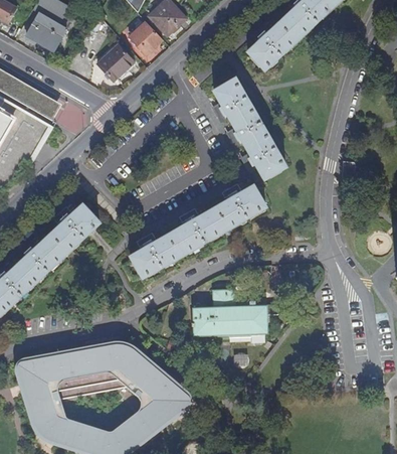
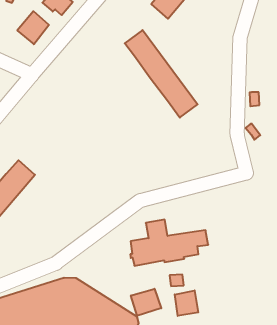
building: [130,187,264,278] -> none
building: none -> [131,289,161,316]
building: none -> [175,290,198,316]

